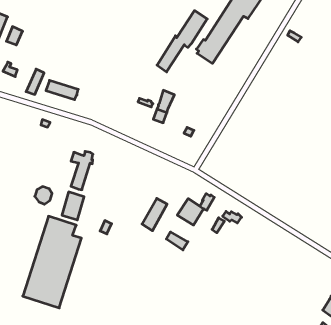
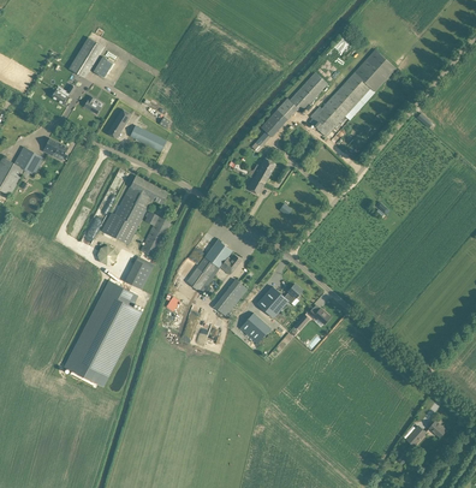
building: none -> [101,175,167,245]
building: none -> [185,239,240,293]

